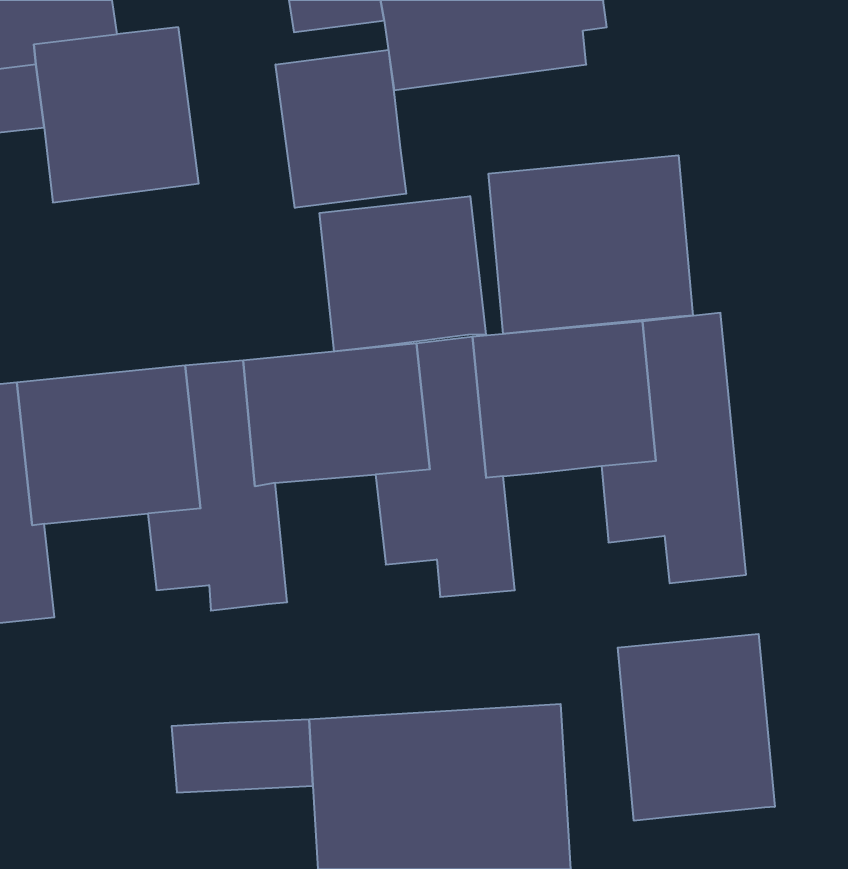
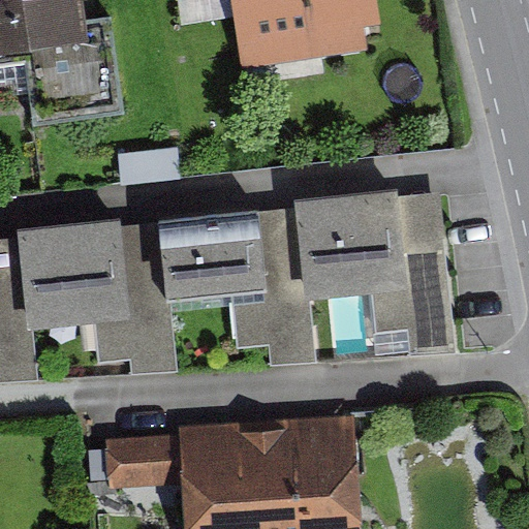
building: [276,50,406,208] -> none
building: [489,155,693,334] -> none
building: [320,196,486,352] -> none
building: [618,634,775,821] -> none

